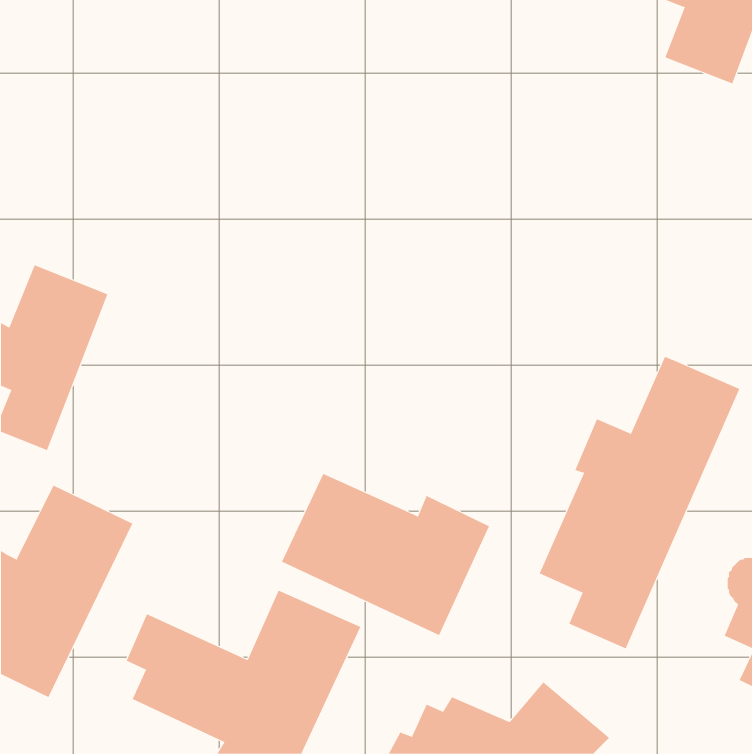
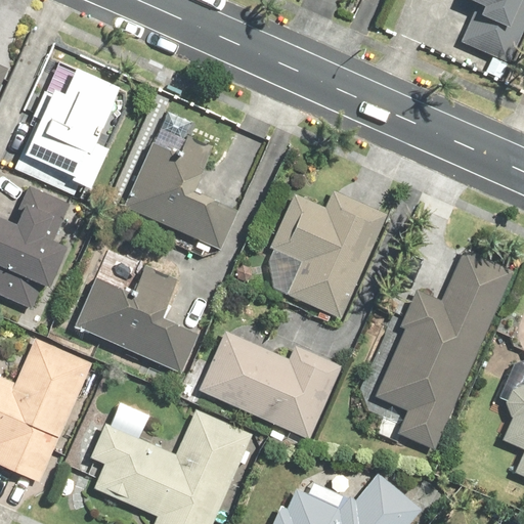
building: none -> [15,87,105,195]
building: none -> [123,111,239,253]
building: none -> [256,189,388,320]
building: none -> [73,259,198,375]

